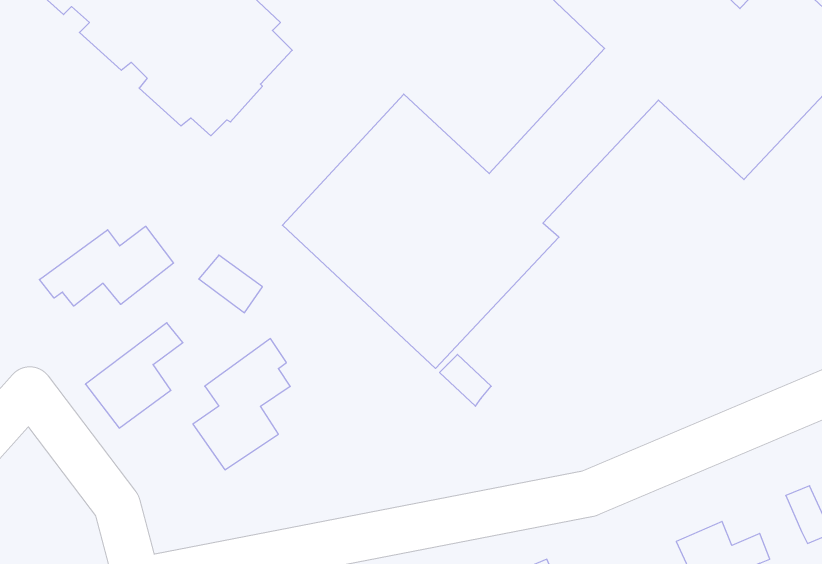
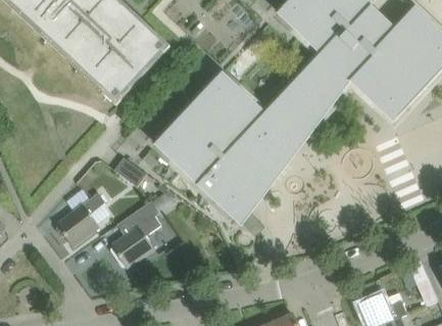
building: [39,226,174,306] -> none

